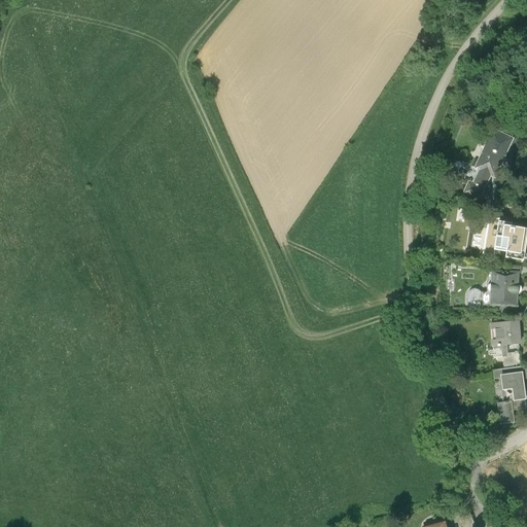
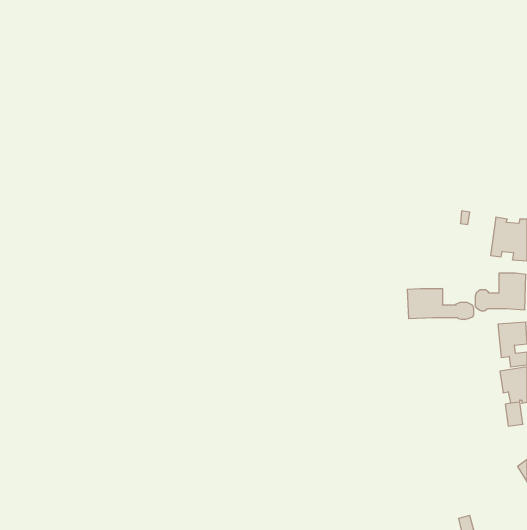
building: [465,128,516,199] -> none
building: none -> [407,288,473,320]

